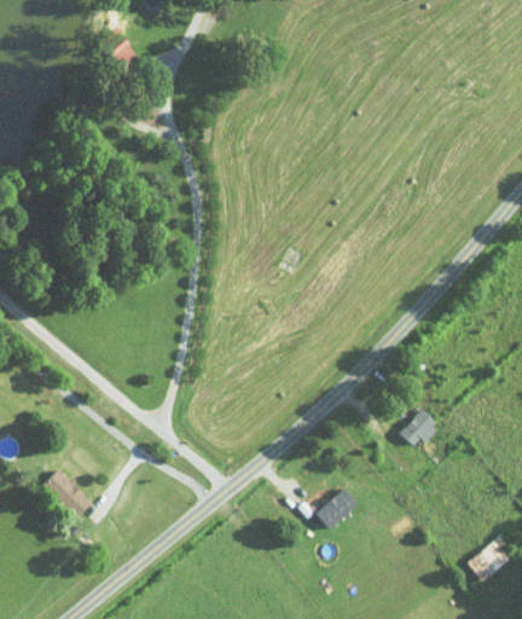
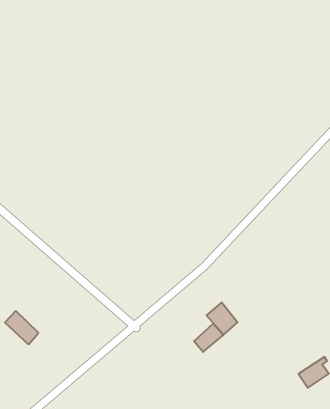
building: [399,410,439,449] -> none
building: none -> [207,302,237,334]

